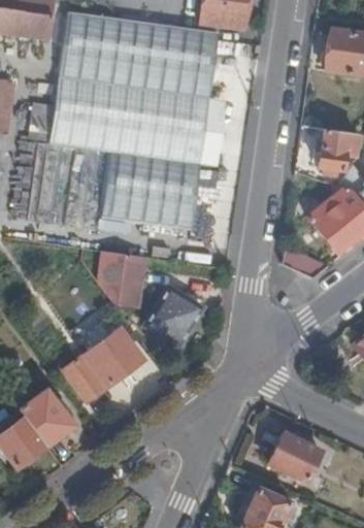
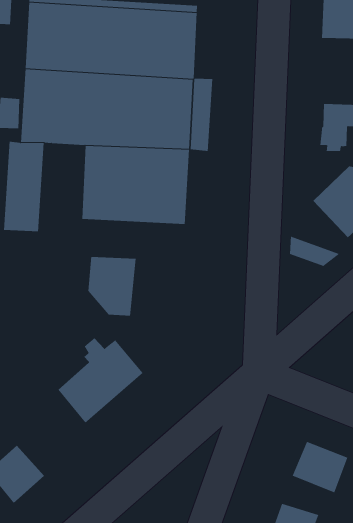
building: [65,146,107,230] -> none
building: [144,286,202,345] -> none
building: [20,387,74,444] -> none

